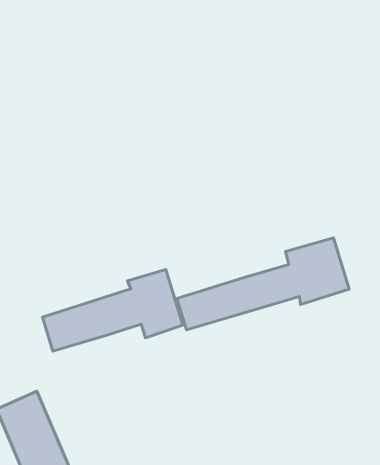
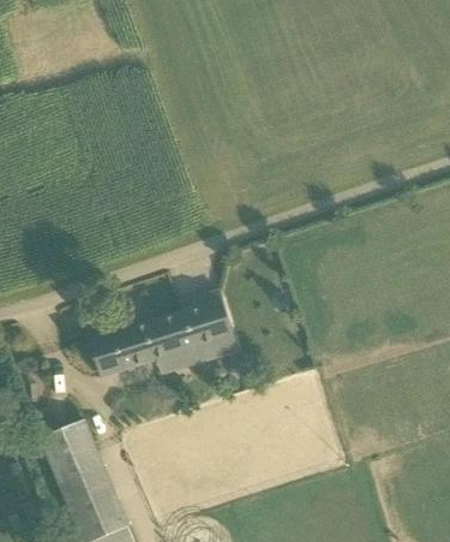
building: [177,238,349,330] -> none

